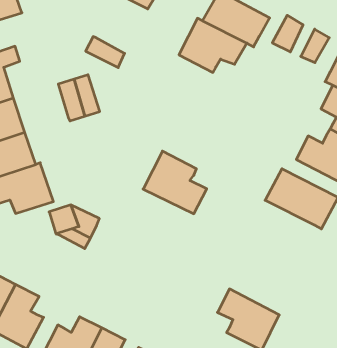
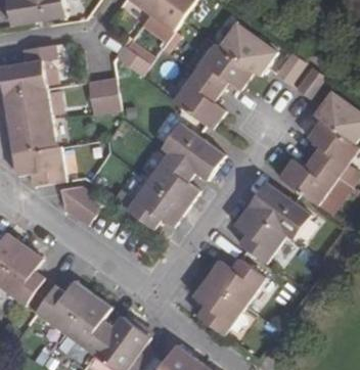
building: none -> [173,73,223,128]
building: none -> [162,123,225,181]
building: none -> [115,182,185,228]
building: none -> [235,207,286,264]
building: none -> [206,258,265,307]

